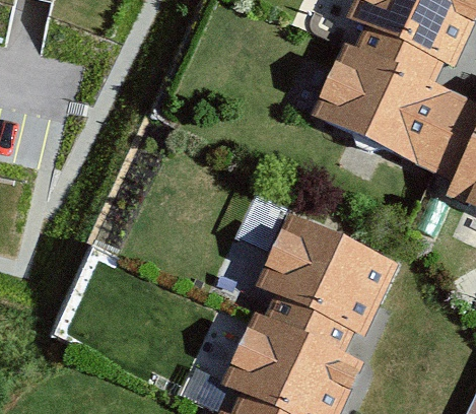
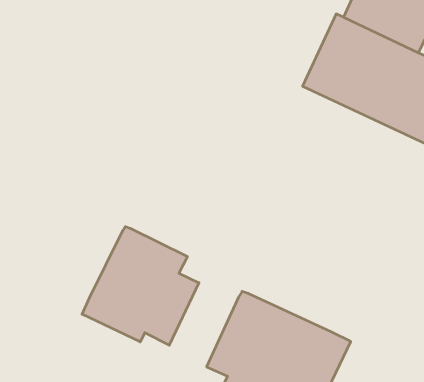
building: [258,216,396,353] -> none
building: none -> [82,227,199,345]

